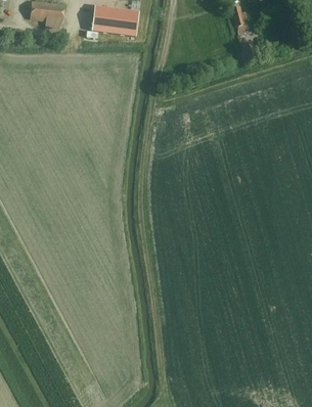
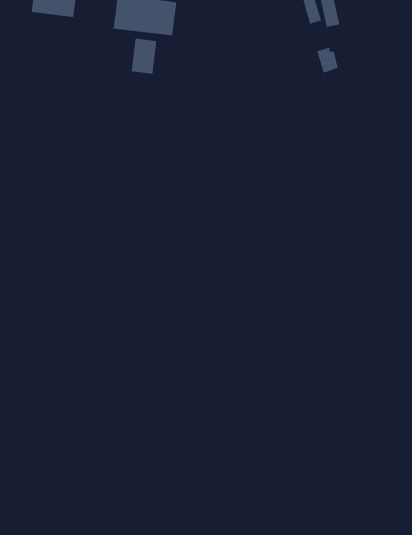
building: none -> [131,38,157,75]

